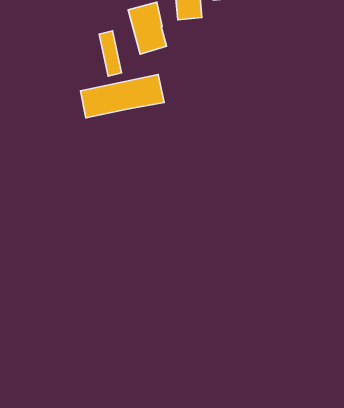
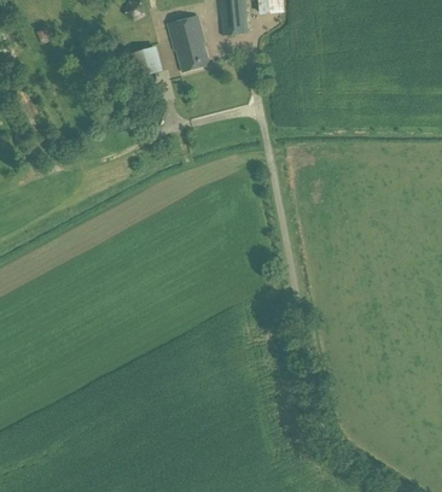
building: [80,74,164,118] -> none

